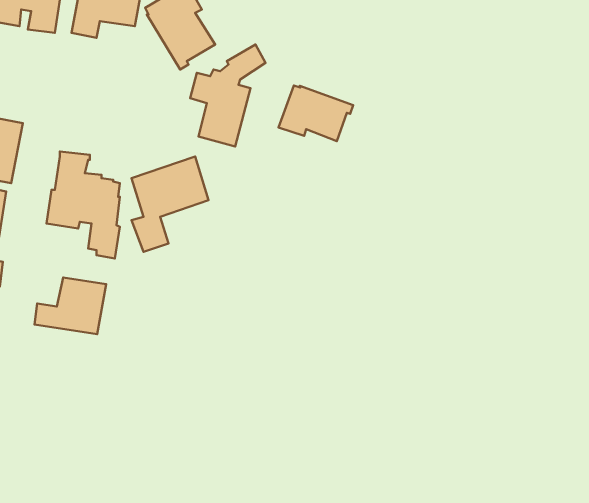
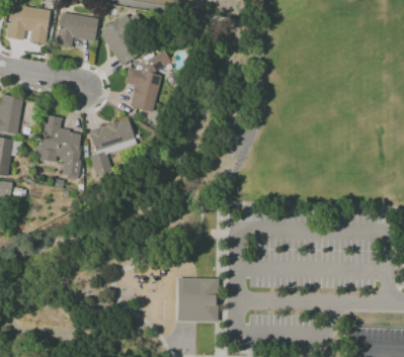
building: [279,86,353,141] -> none
building: [34,277,106,334] -> none
building: none -> [177,279,218,323]

